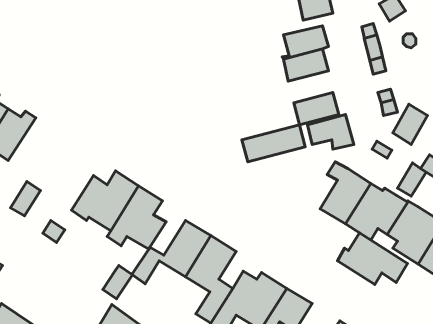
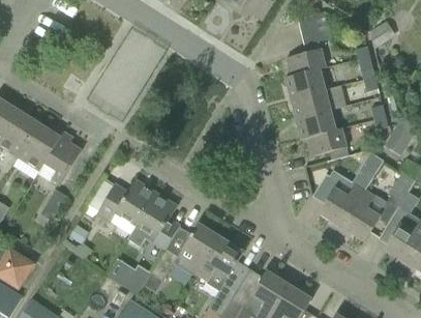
building: none -> [38,132,81,183]
building: [242,125,305,162] -> [290,85,347,118]
building: [338,233,407,284] -> none

